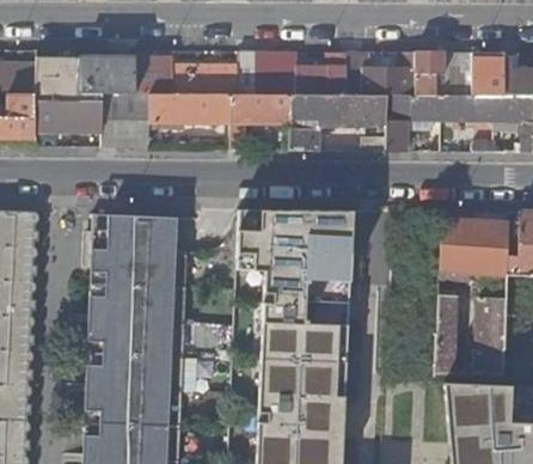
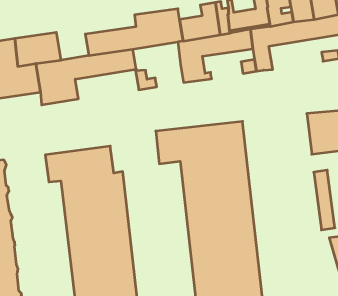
building: [133,57,171,94] -> none
building: [228,96,288,122] -> none

